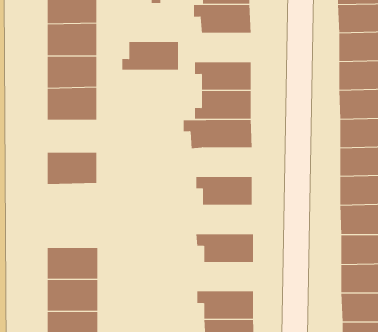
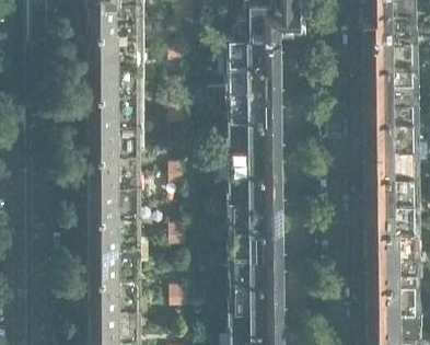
building: [122,41,179,70] -> [229,55,283,82]
building: none -> [88,138,136,169]
building: none -> [230,164,284,192]
building: none -> [88,198,140,260]
building: none -> [230,219,286,246]
building: none -> [231,274,286,301]

